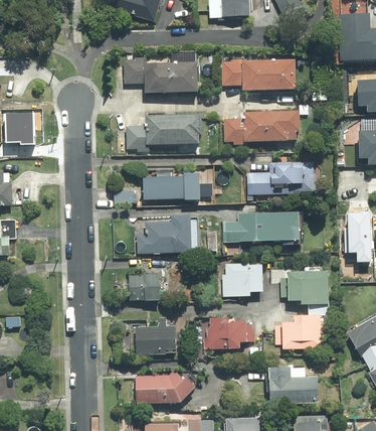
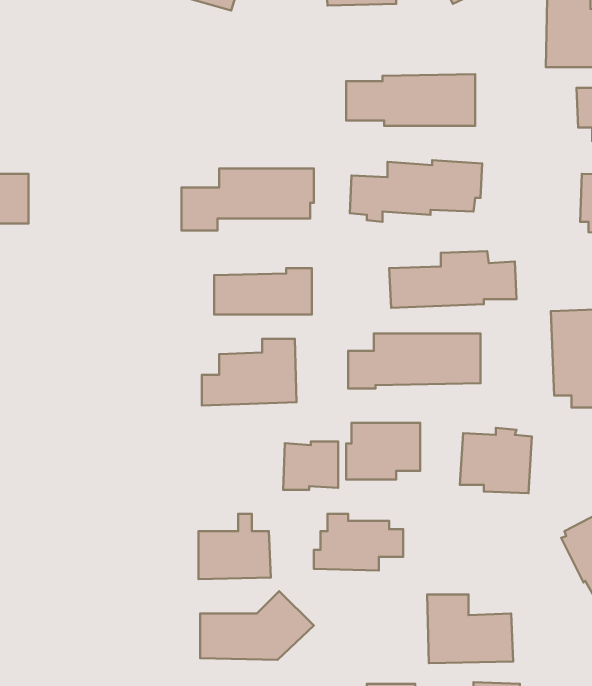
building: [125,58,199,94] -> none
building: [130,274,162,302] -> [283,442,338,490]
building: [274,313,325,350] -> none

